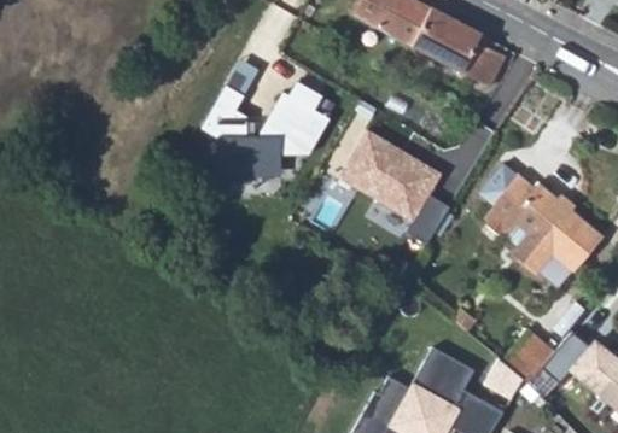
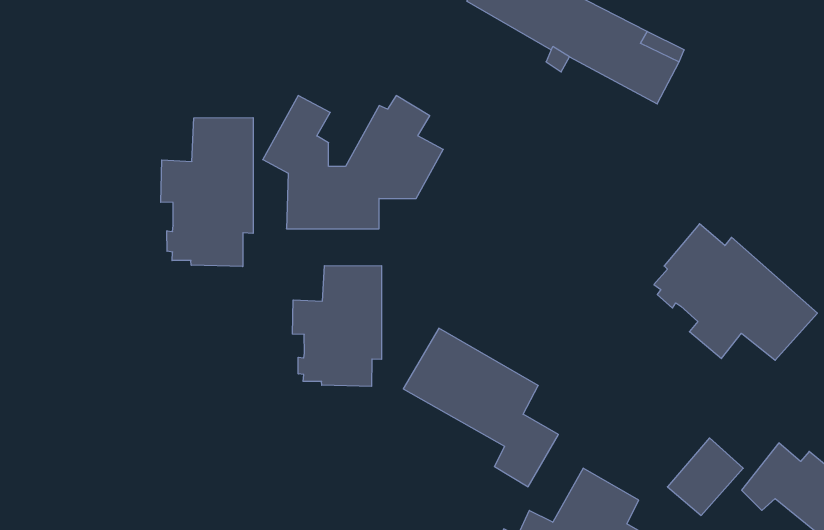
building: none -> [161,118,253,267]
building: [344,133,455,246] -> [403,328,558,487]
building: none -> [292,266,382,386]

